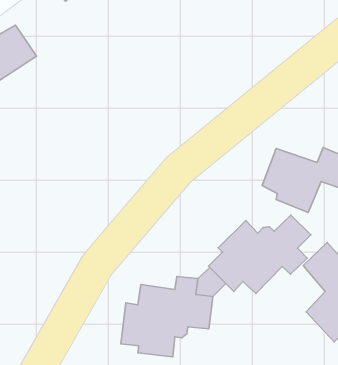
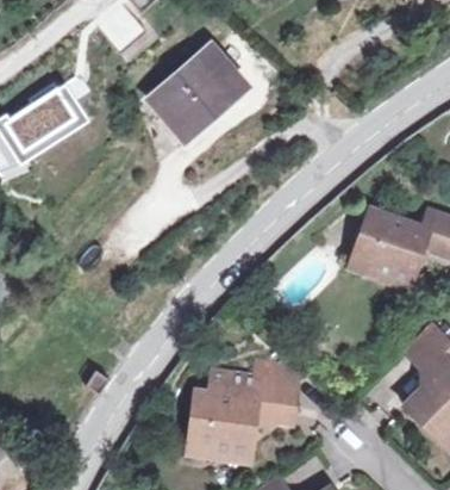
building: none -> [163,55,251,138]
building: [208,215,311,294] -> none

